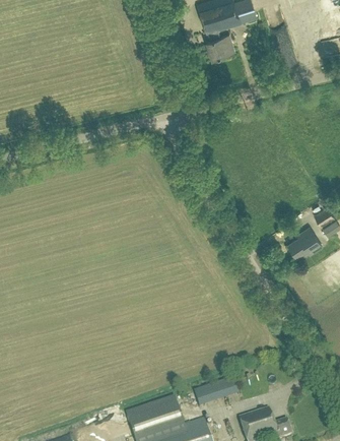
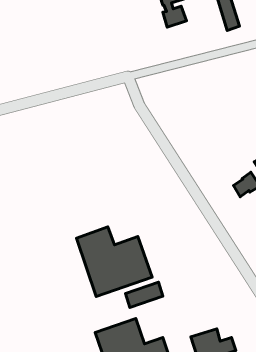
building: none -> [76,227,152,297]
building: [194,379,237,408] -> [125,282,163,308]

